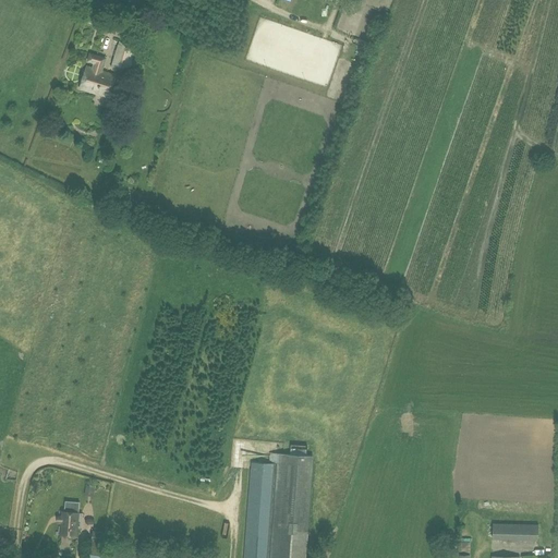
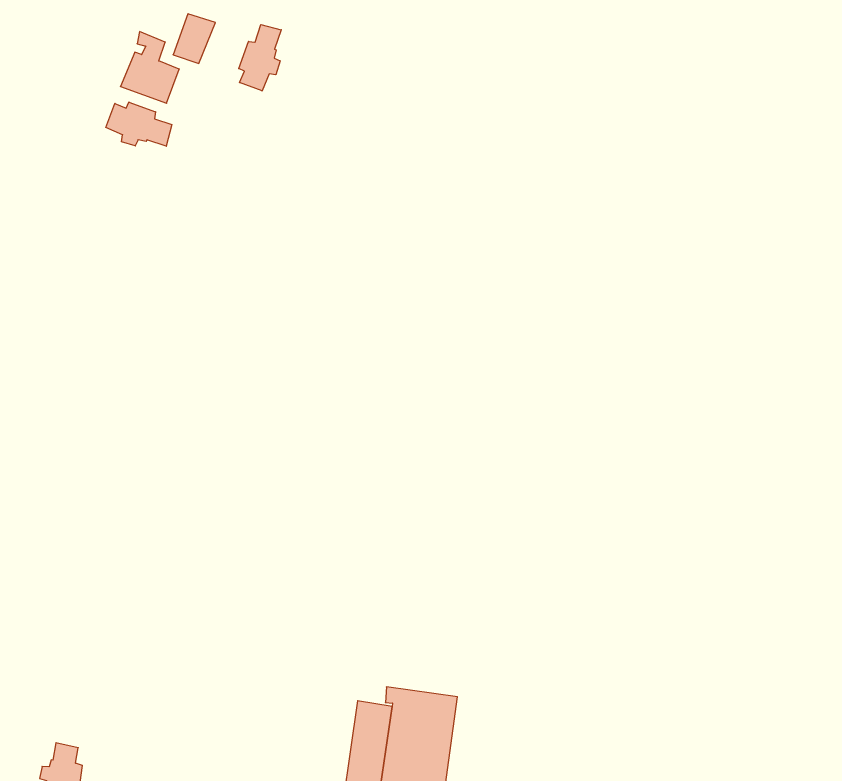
building: none -> [239,25,281,91]
building: none -> [106,102,172,146]

